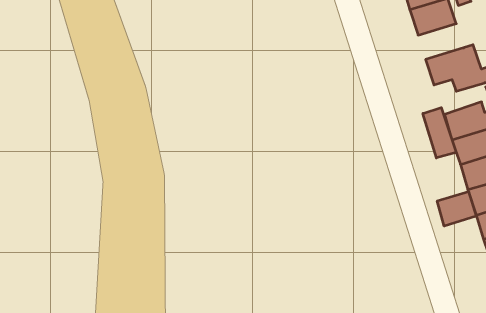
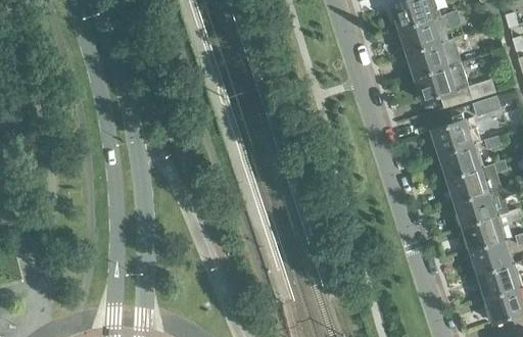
building: none -> [407,43,450,78]
building: [423,108,456,158] -> none
building: [437,192,476,226] -> none

